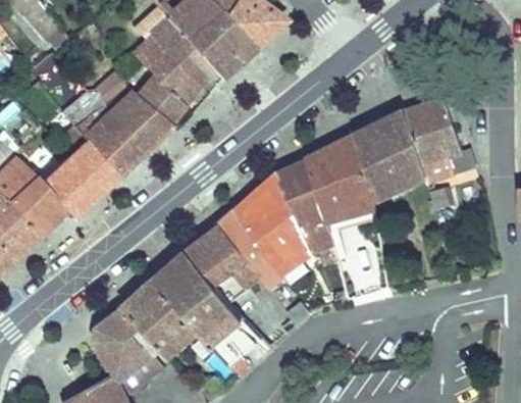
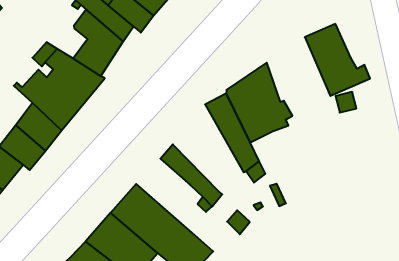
building: [355,112,420,199] -> none
building: [236,172,311,273] -> none
building: [188,226,256,318] -> none

